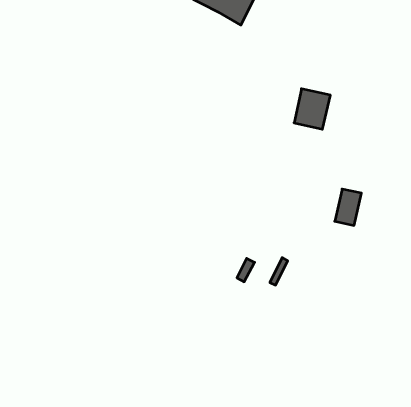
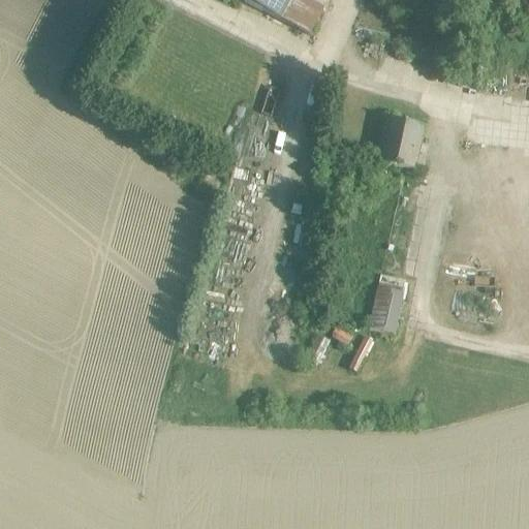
building: [335,189,361,225] -> [369,283,403,330]

